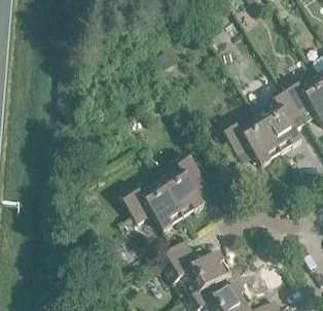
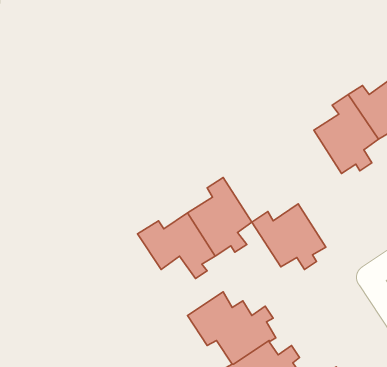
building: [220,114,278,166] -> [252,204,326,269]

